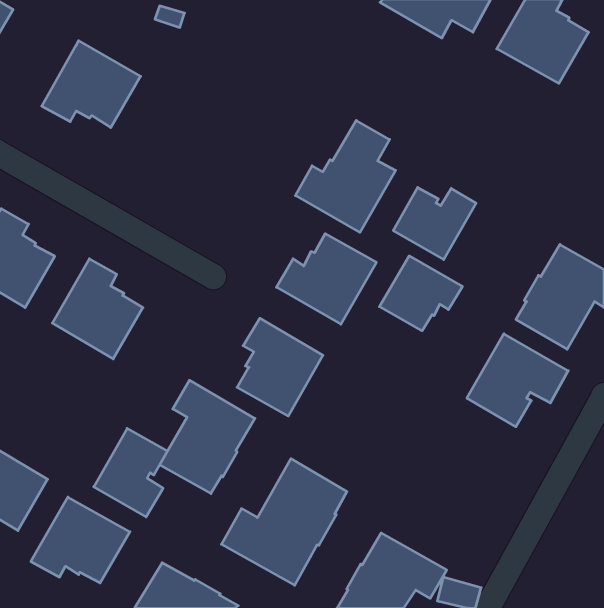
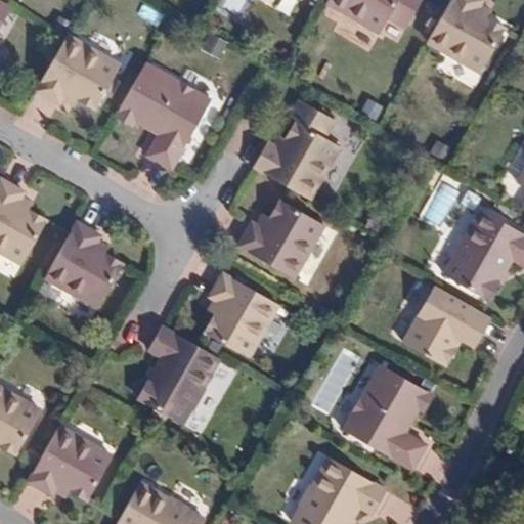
building: none -> [116,63,211,170]
building: [393,187,476,260] -> none
building: [379,256,462,331] -> none
building: none -> [341,364,432,470]
building: [94,428,167,517] -> none
building: [221,459,347,585] -> none

